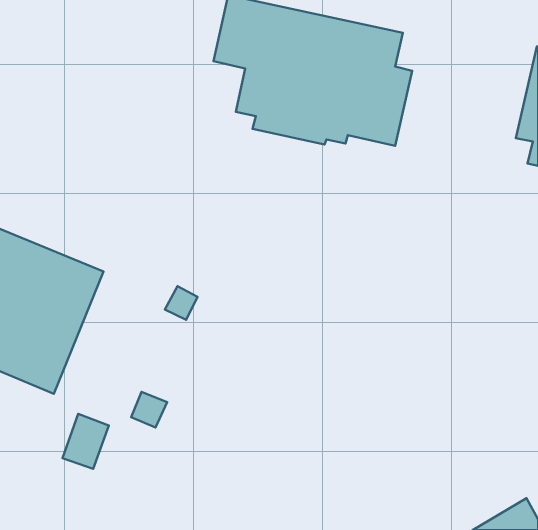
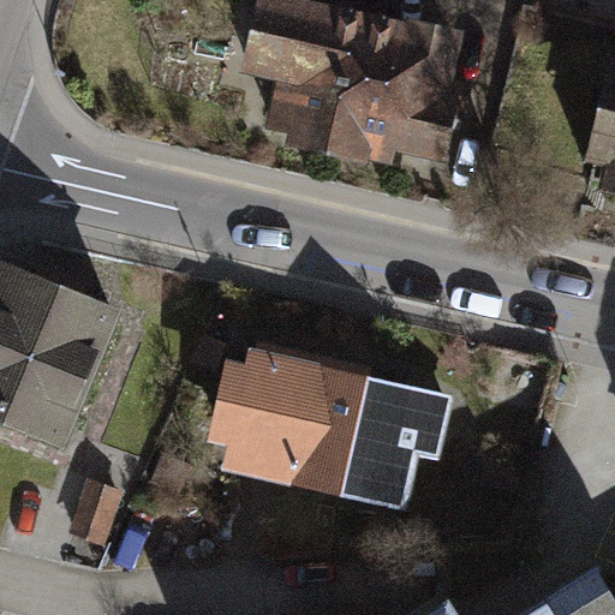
building: none -> [205,348,450,510]

